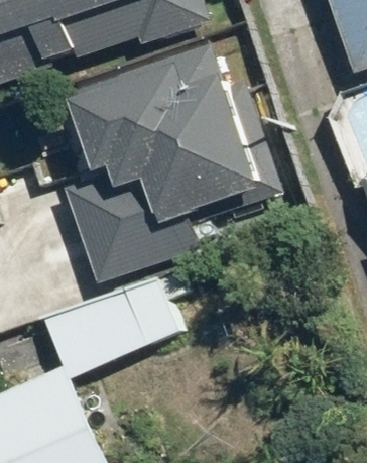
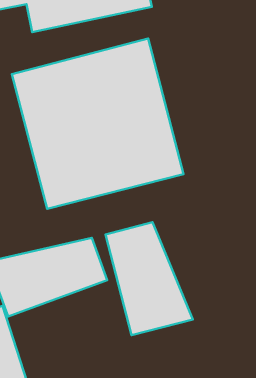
building: none -> [105,222,193,335]

